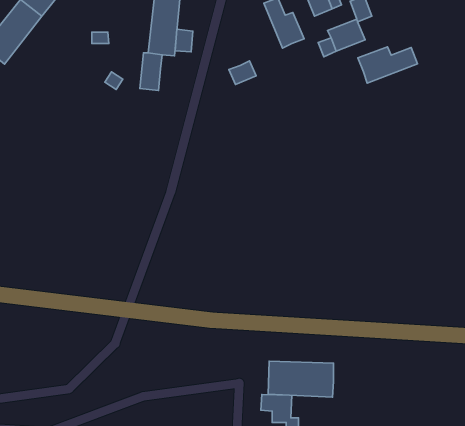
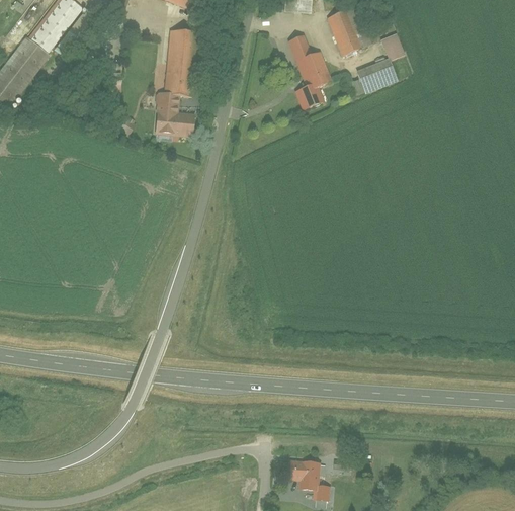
building: [175,29,193,52] -> [174,111,193,136]
building: [358,47,418,83] -> none
building: [229,61,256,84] -> [295,84,325,109]
building: [268,361,334,397] -> none

